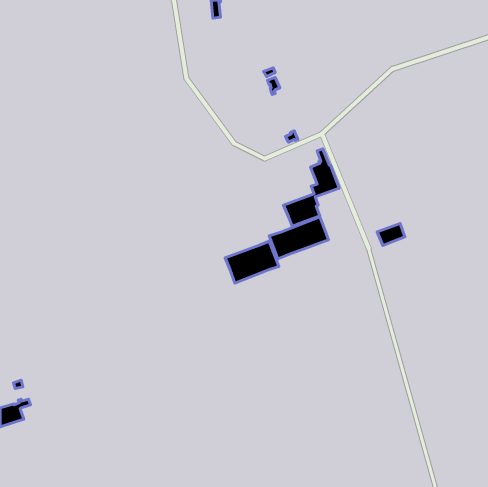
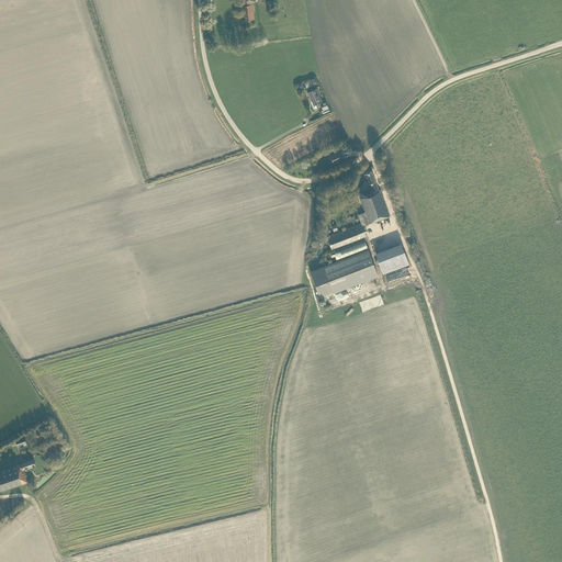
building: [377,223,405,245] -> [376,249,408,274]
building: [225,241,279,283] -> none

